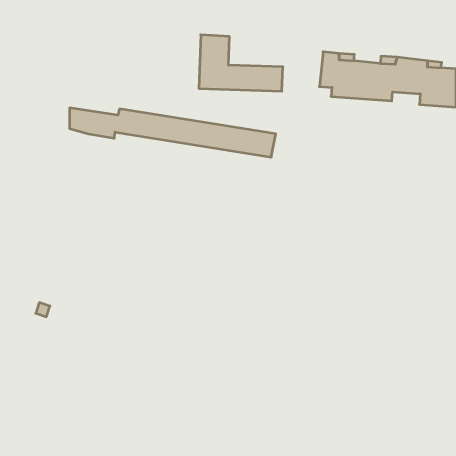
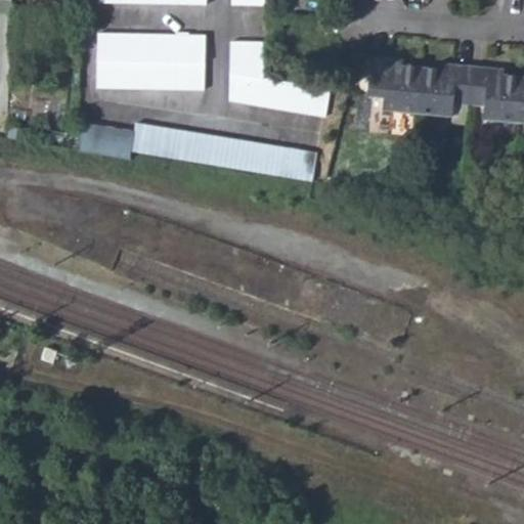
building: none -> [101,35,206,90]

